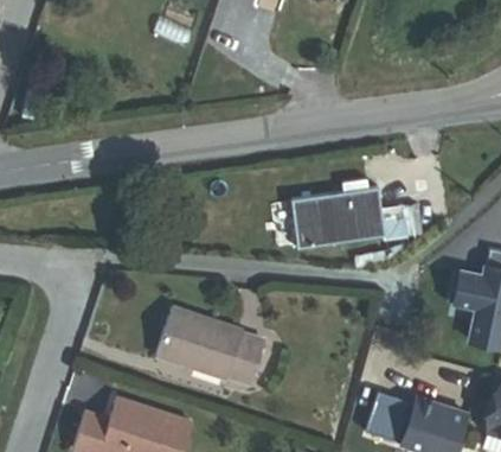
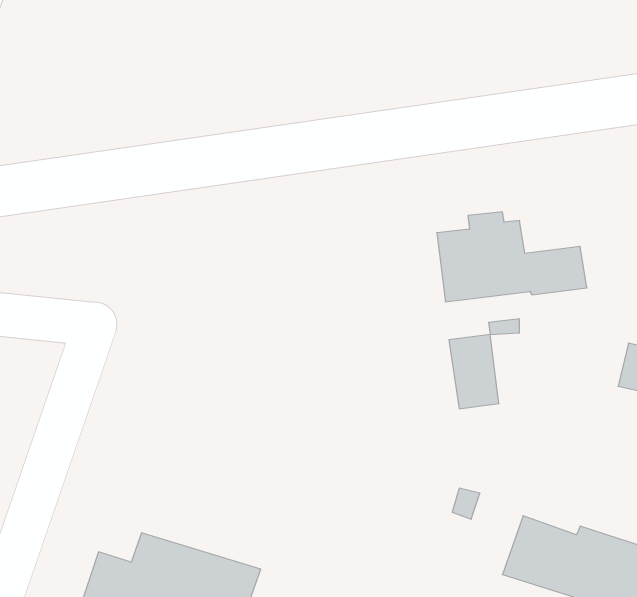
building: [293,196,327,247] -> [449,335,499,409]
building: [162,310,264,381] -> none

